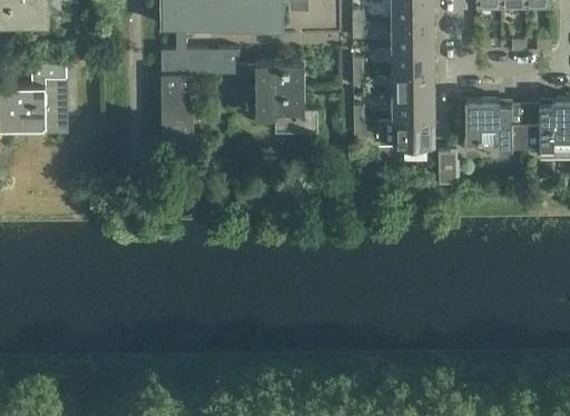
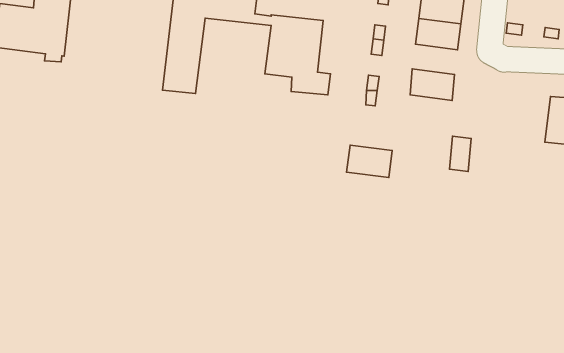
building: [393,73,433,97] -> none
building: [465,100,525,149] -> none
building: [394,121,434,147] -> [347,145,392,177]

